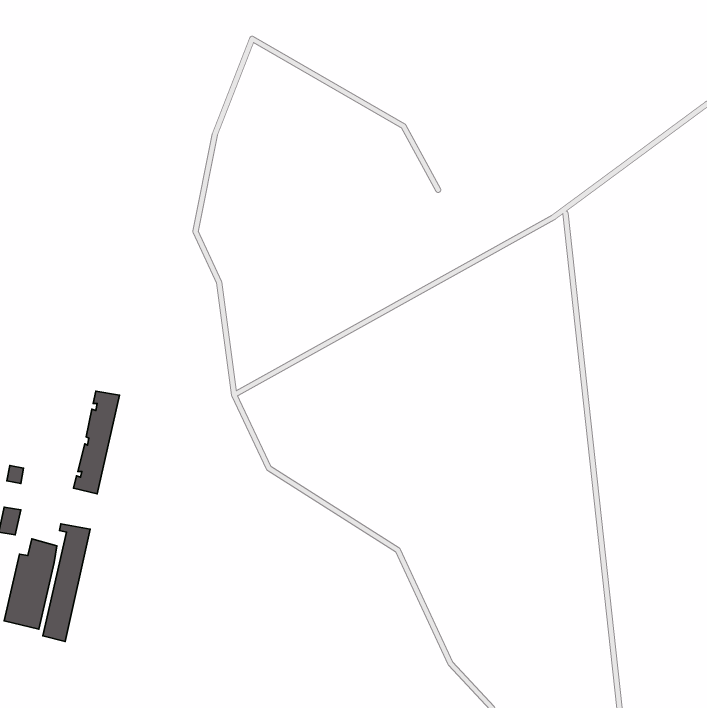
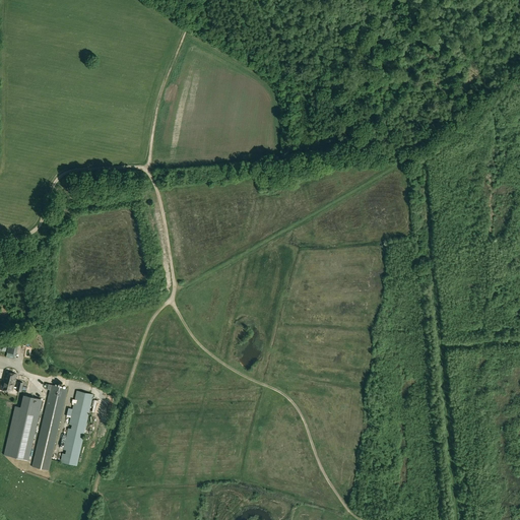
building: [74,391,119,494] -> [59,391,92,466]

